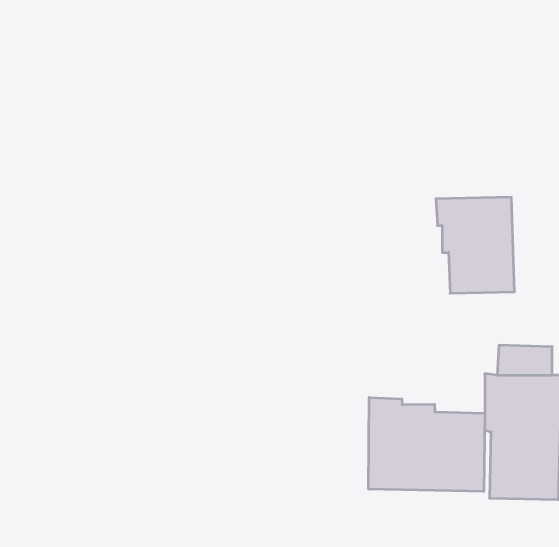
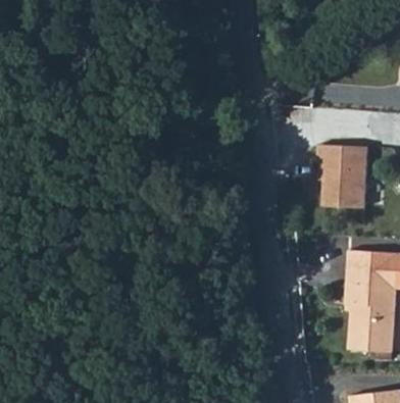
building: [369,397,485,492] -> none

